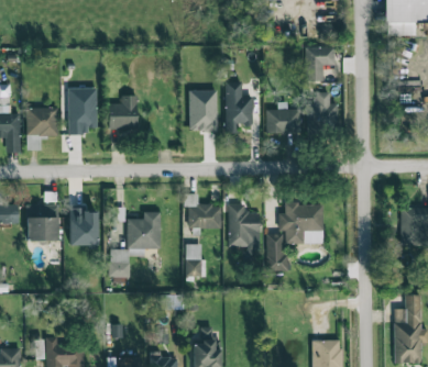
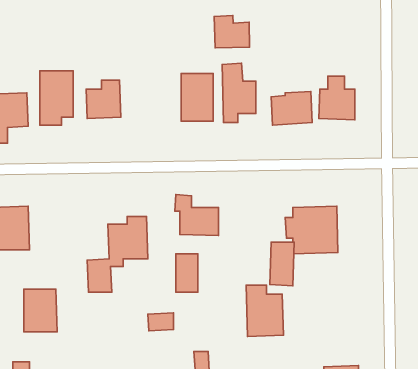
building: none -> [214,15,249,48]
building: [305,46,333,81] -> none
building: [228,204,260,248] -> [246,285,283,337]
building: [69,209,98,245] -> [24,289,57,332]

